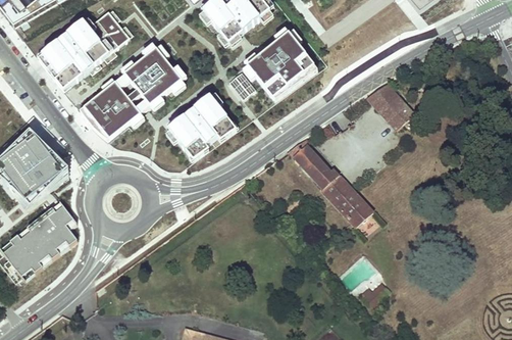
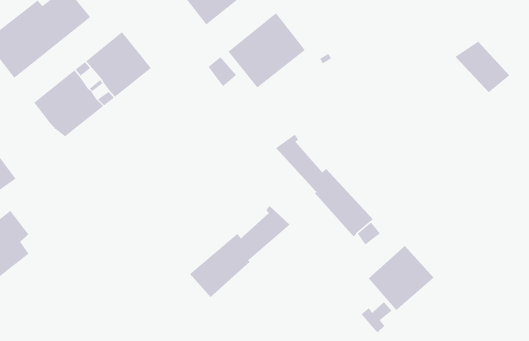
building: [364,81,412,126] -> [454,41,510,93]
building: [167,95,232,155] -> none
building: none -> [189,205,290,298]
building: none -> [368,245,434,311]

